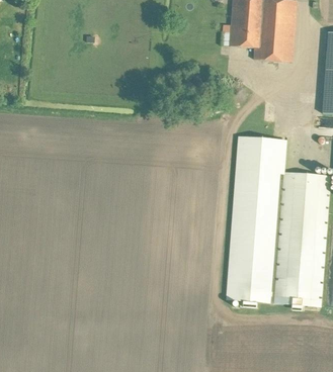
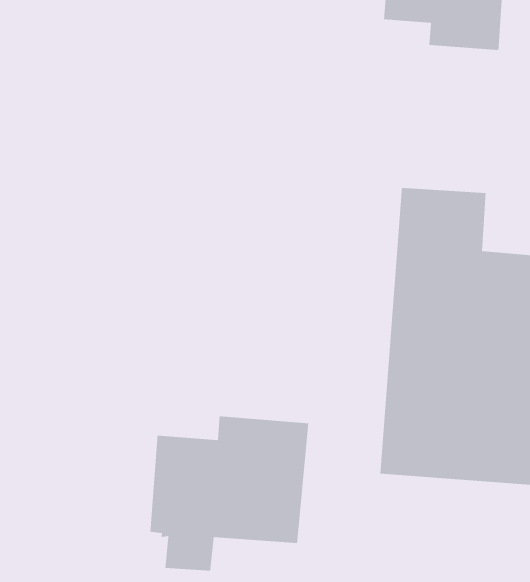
building: none -> [150,416,309,571]

